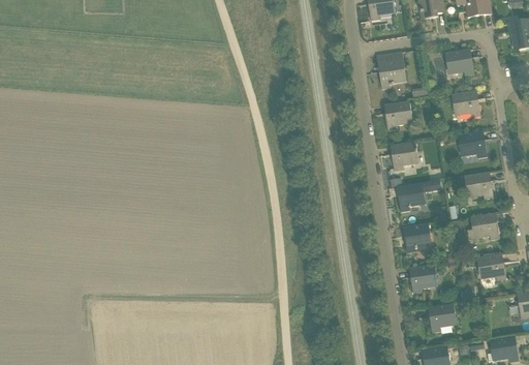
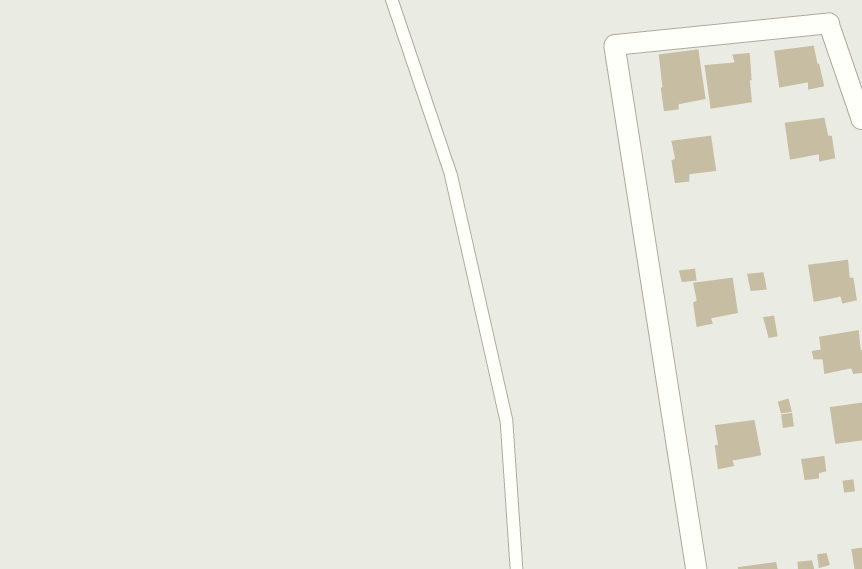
building: none -> [704,52,753,109]
building: [457,130,487,156] -> none
building: [392,141,418,170] -> none
building: [404,223,431,251] -> none
building: [429,302,456,331] -> none

